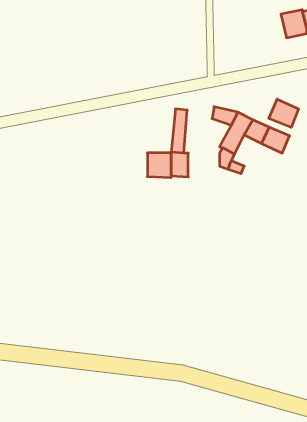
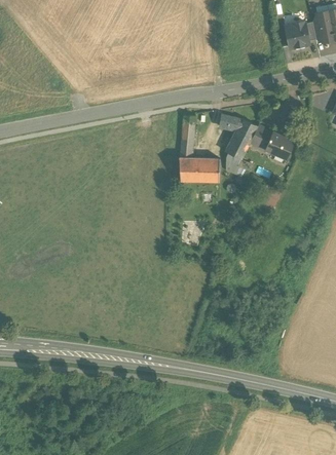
building: [269,99,299,127] -> none
building: [147,153,171,178] -> [196,158,219,182]

